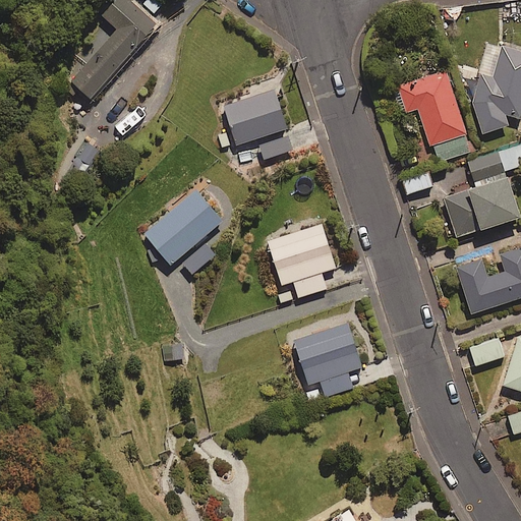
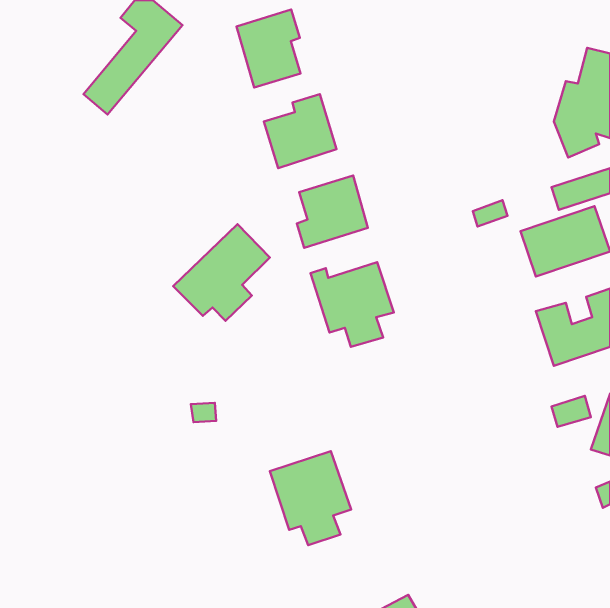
building: none -> [236,9,301,88]
building: [398,71,471,161] -> none
building: none -> [297,176,368,248]
building: [293,316,362,397] -> [270,451,351,545]

